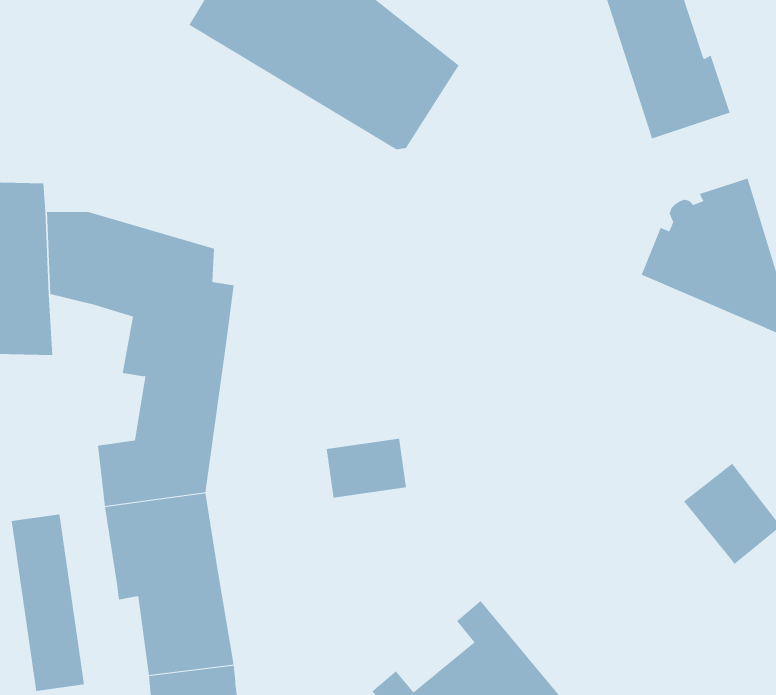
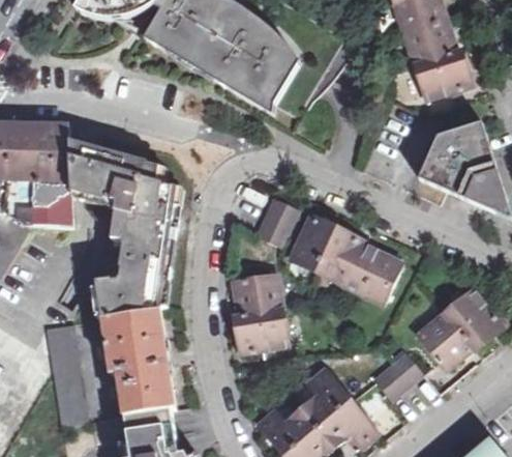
building: none -> [252,198,296,248]
building: none -> [288,216,398,303]
building: none -> [232,305,284,352]
building: none -> [415,313,469,369]
building: none -> [370,352,420,400]

